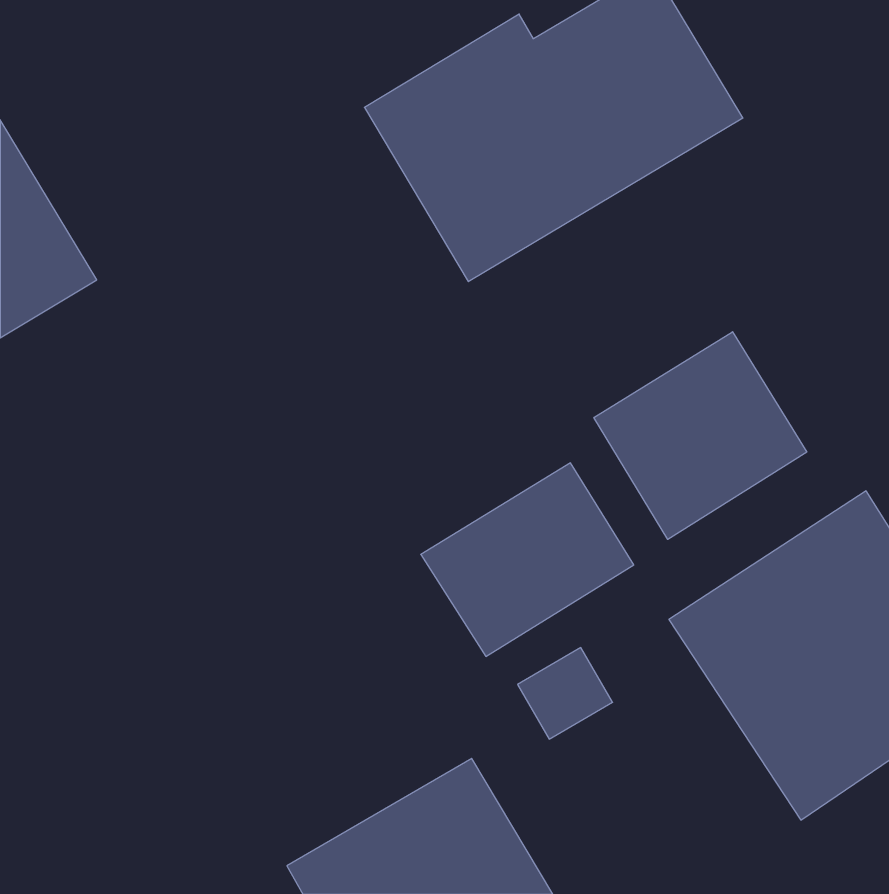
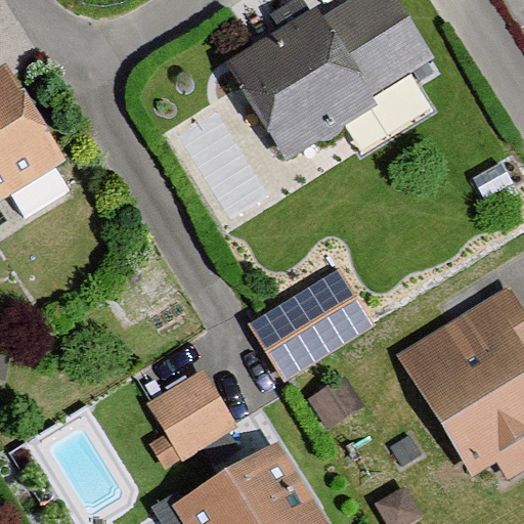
building: [594,332,807,539] -> none
building: none -> [144,366,238,458]

